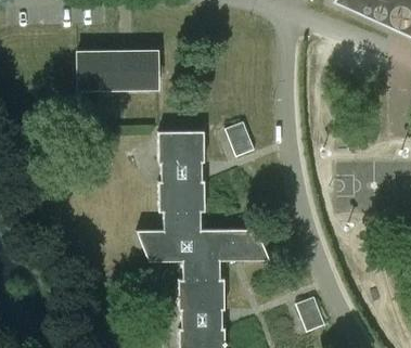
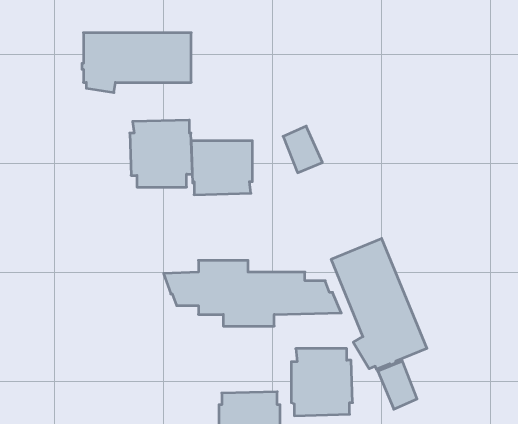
building: [157,172,204,222] -> [130,120,192,187]
building: none -> [331,238,427,369]
building: [178,271,223,321] -> [291,349,353,416]

